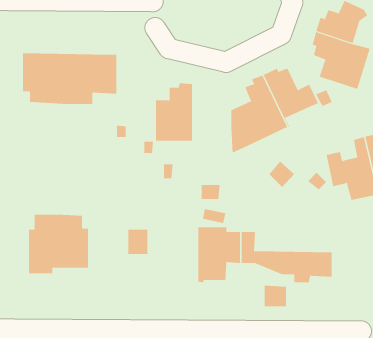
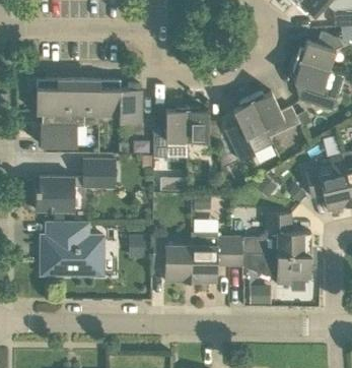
building: none -> [121,84,142,122]
building: none -> [188,107,221,146]
building: none -> [41,123,77,145]
building: none -> [36,160,117,210]
building: none -> [242,213,311,256]
building: none -> [153,237,192,283]

